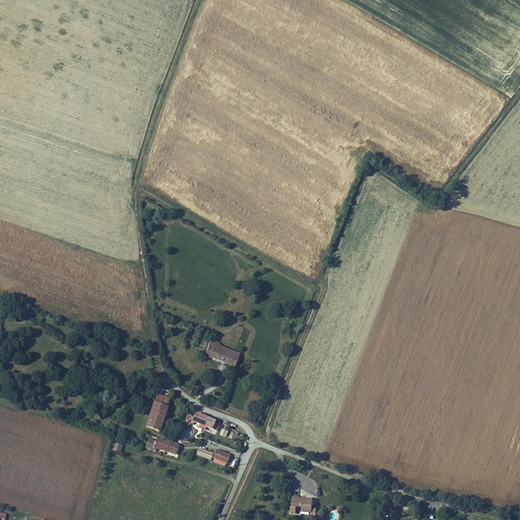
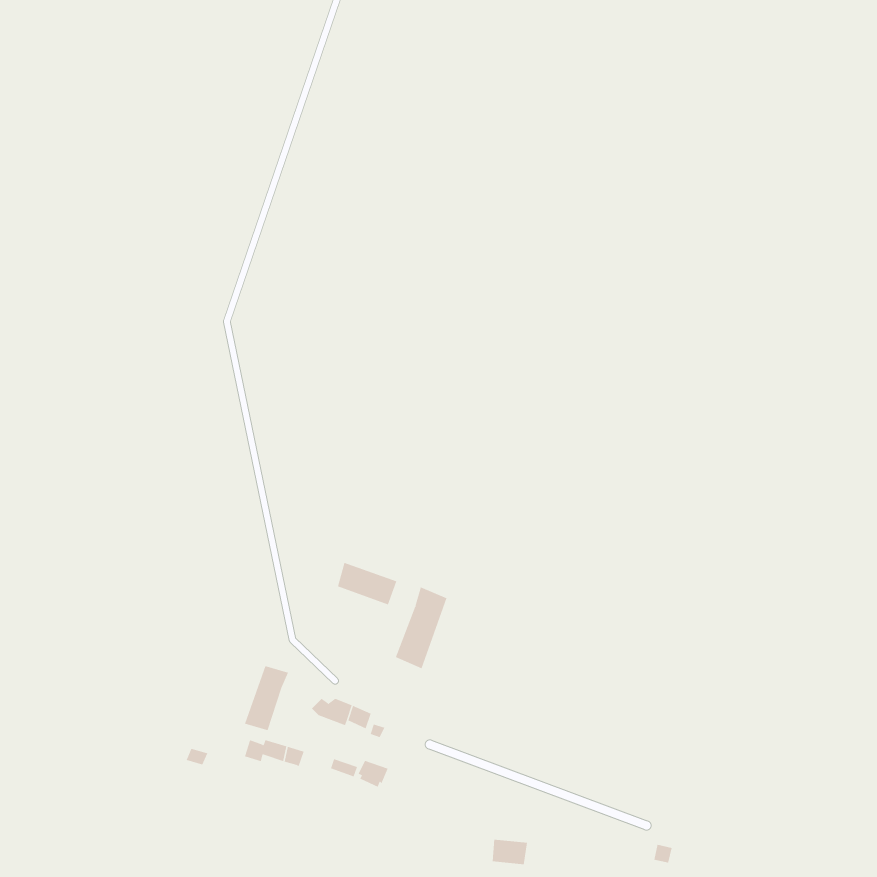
building: none -> [395,586,447,669]

